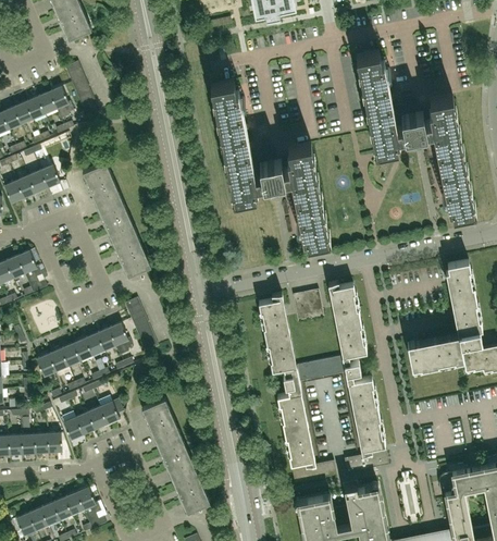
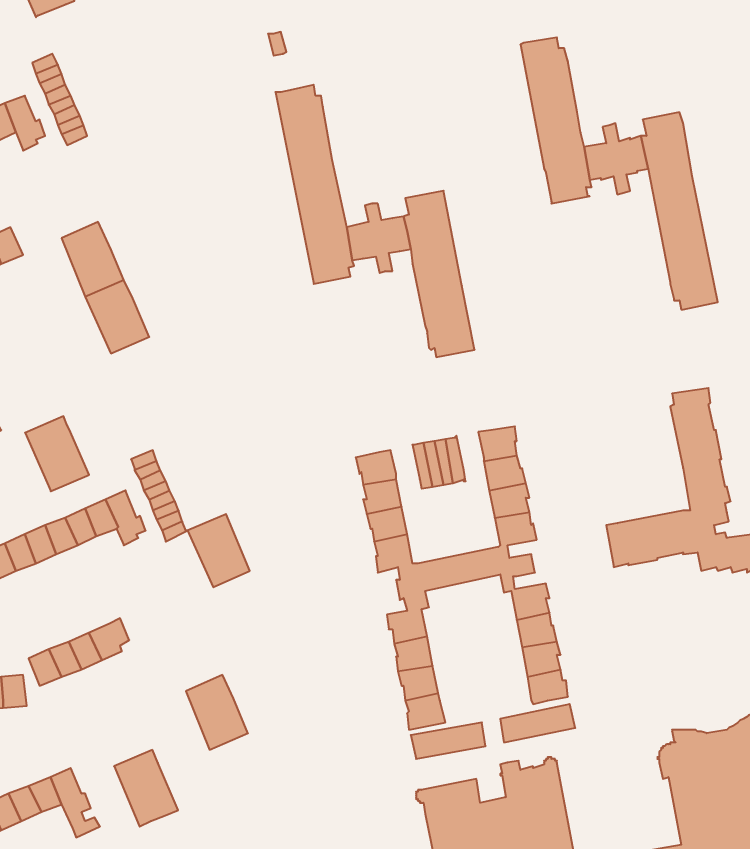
building: [112,231,150,275] -> [25,416,89,491]
building: [141,398,178,442] -> [188,514,250,587]
building: [171,467,209,513] -> [114,750,178,827]

